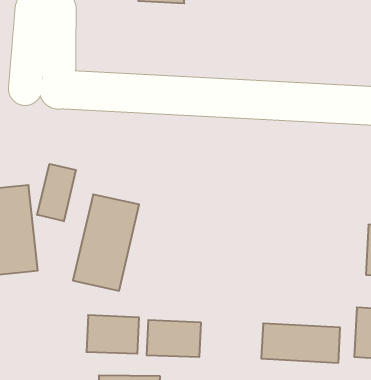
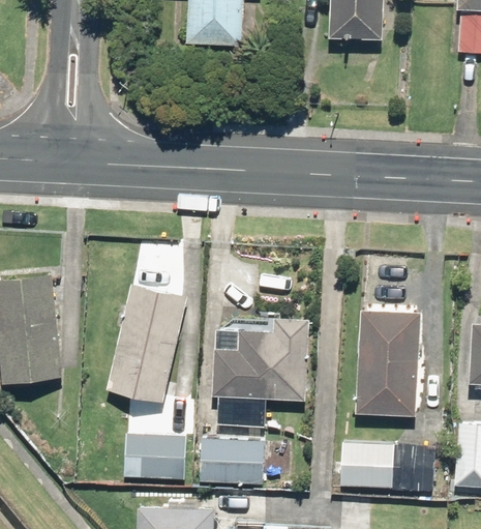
building: [37,164,76,221] -> none
building: none -> [355,308,420,415]
building: none -> [211,319,308,400]

